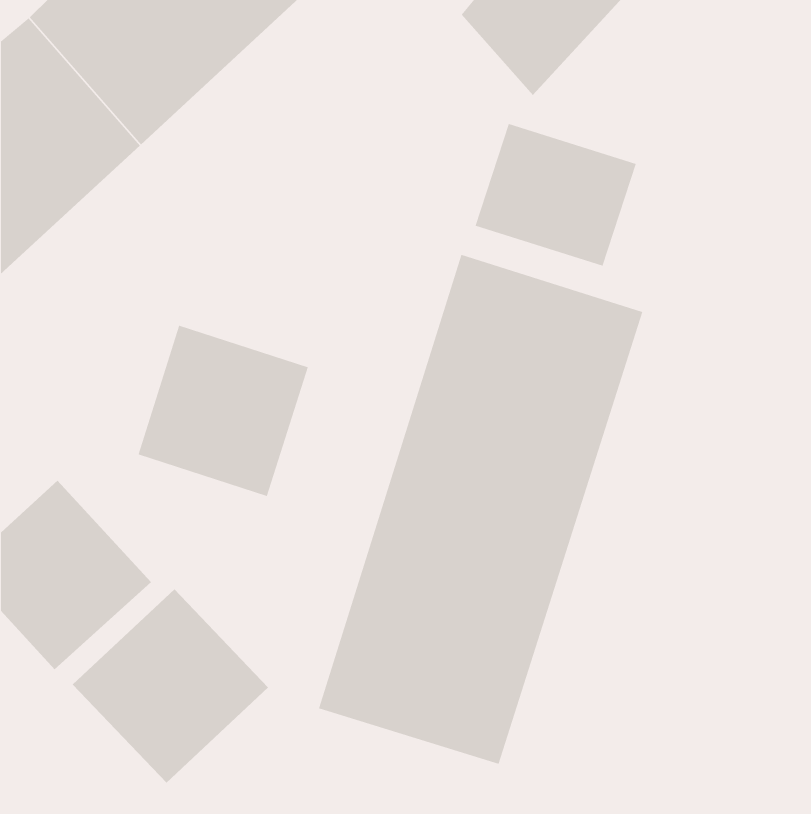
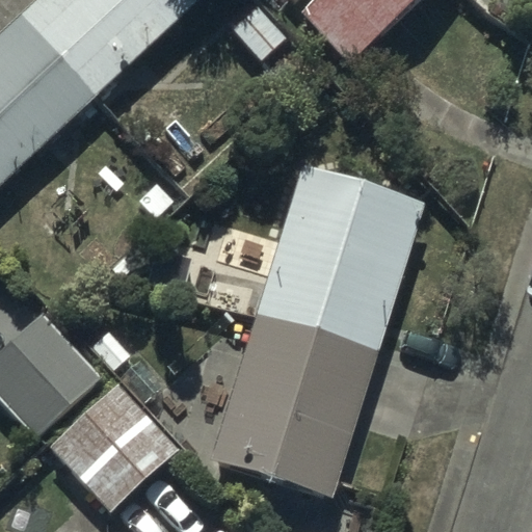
building: [475,123,636,266] -> none
building: [138,325,308,497] -> none

